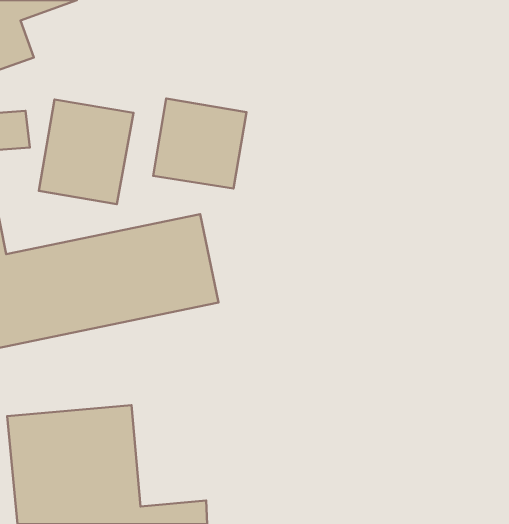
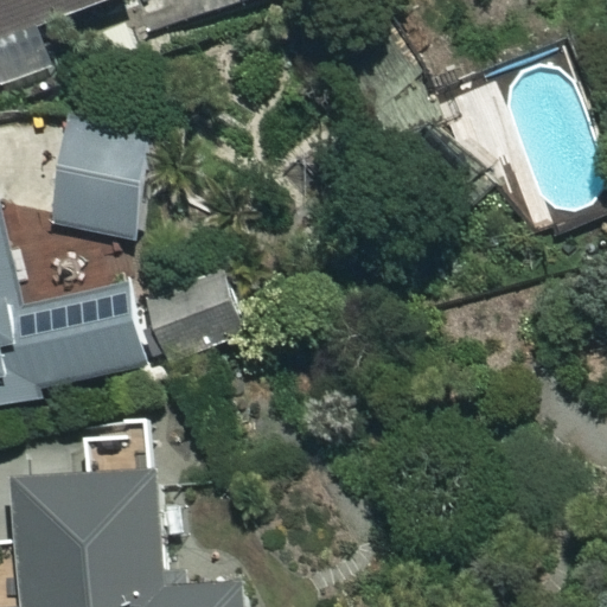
building: [153,99,246,188] -> none

